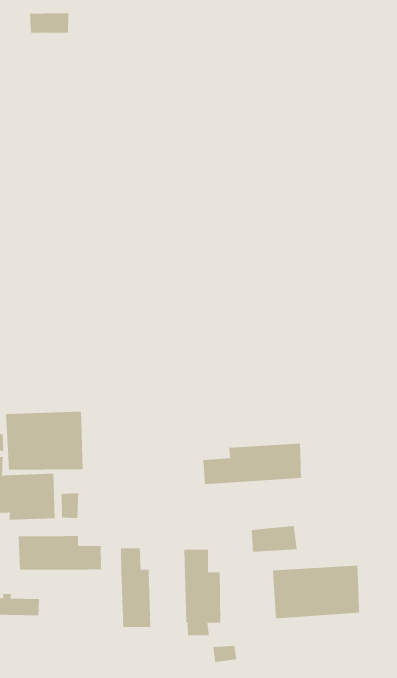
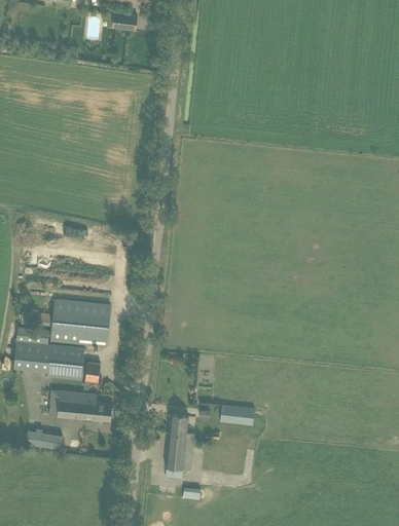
building: [203,443,301,485] -> none
building: [120,547,151,628] -> none
building: [272,565,360,619] -> none

